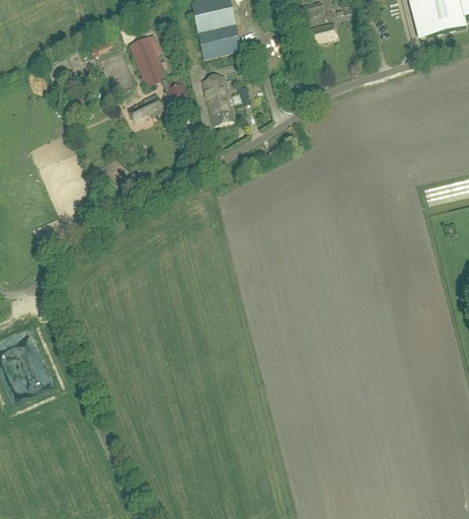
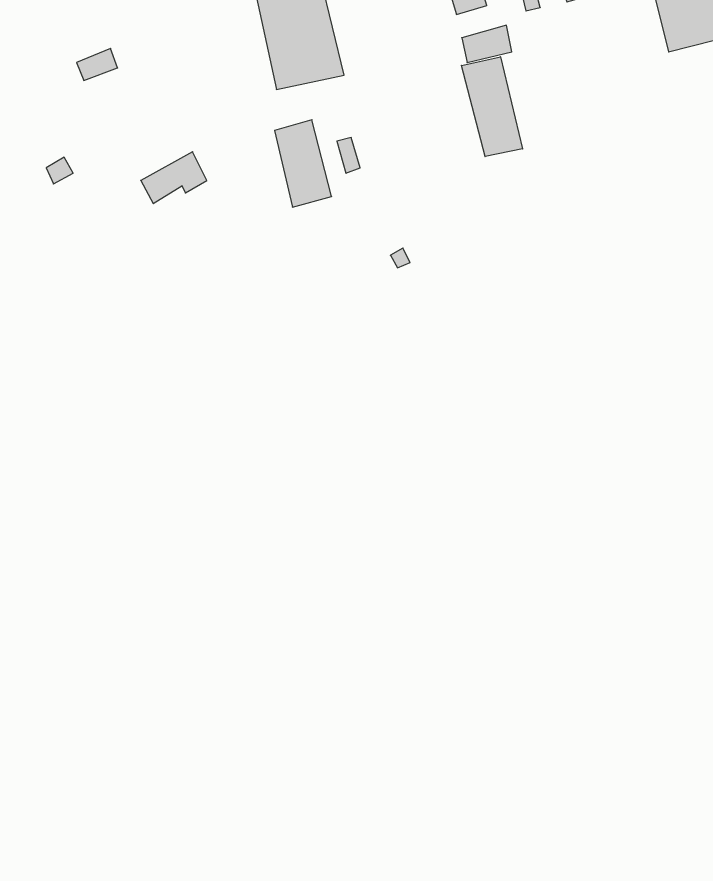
building: [128,32,189,106] -> none
building: none -> [461,57,523,157]

